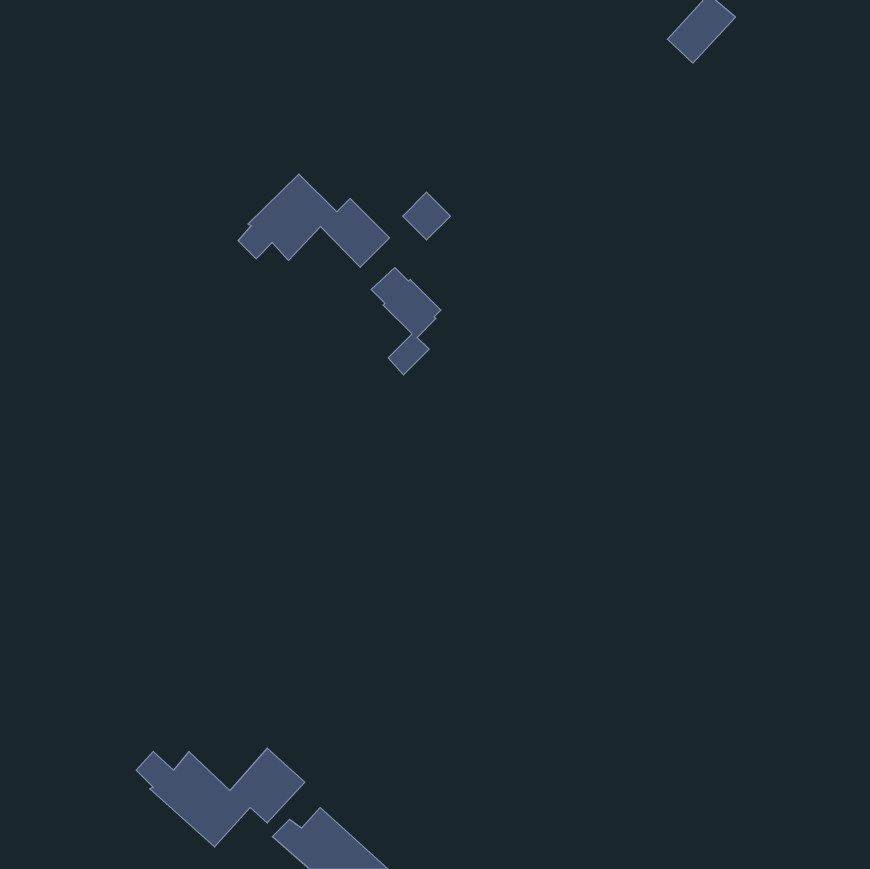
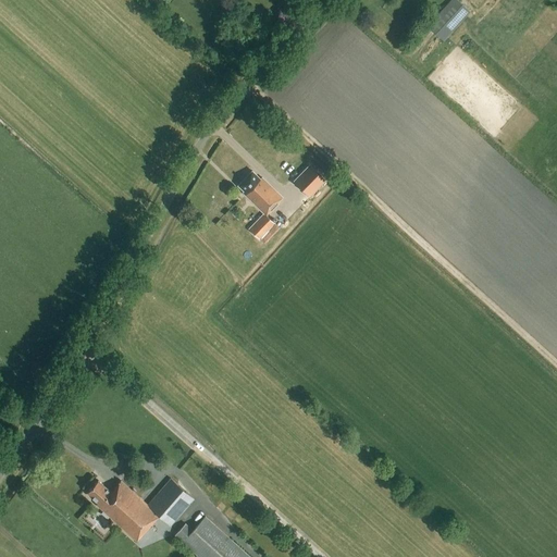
building: [238,174,390,267] -> none
building: [403,192,450,240] -> [293,170,323,200]

